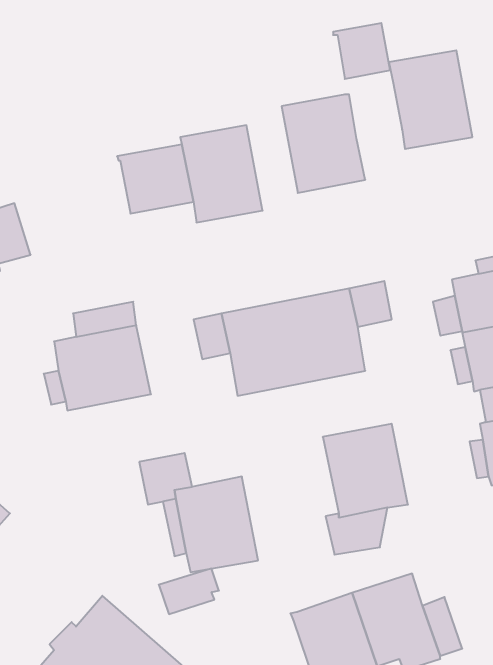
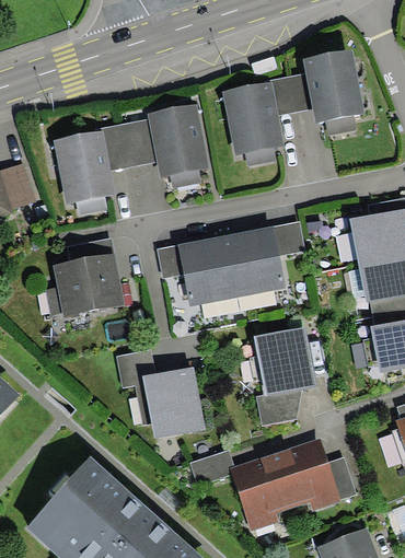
building: [333,23,390,79] -> [269,73,312,115]
building: none -> [53,131,114,204]
building: [159,569,219,614] -> [189,451,234,485]

